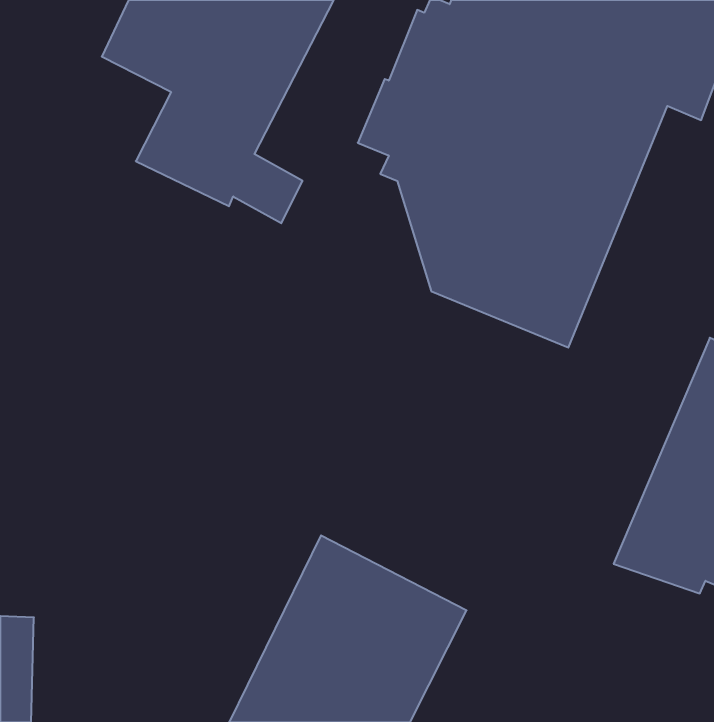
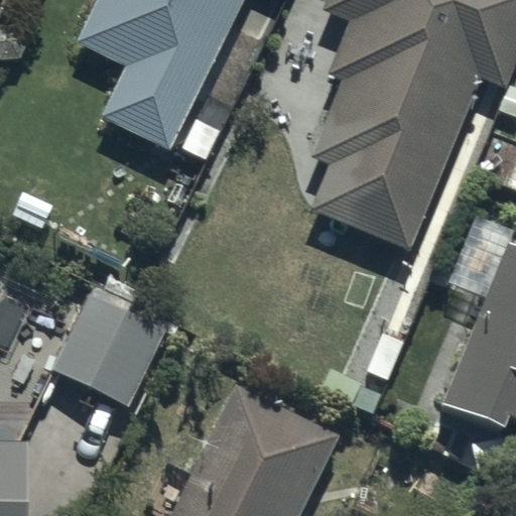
building: none -> [33,290,178,436]

